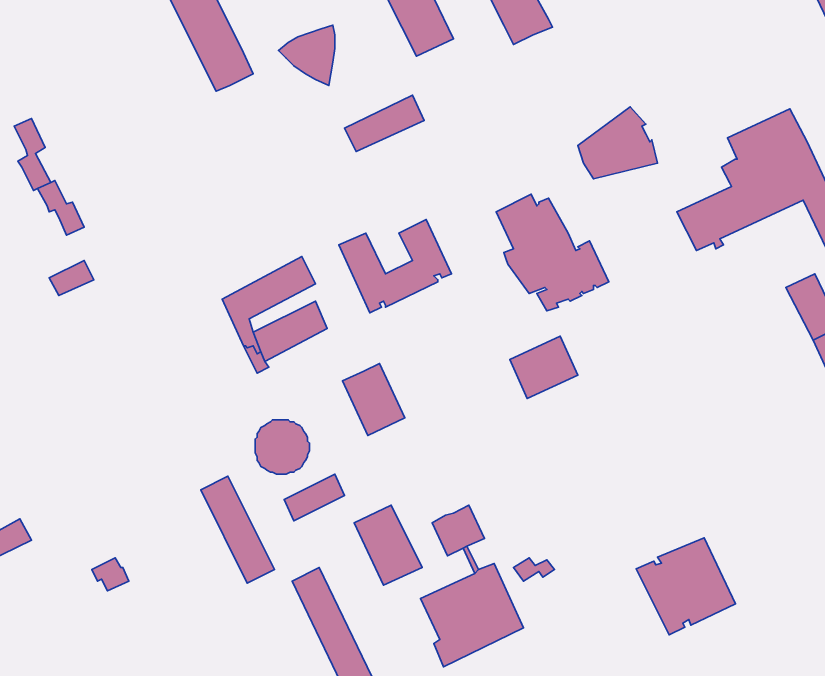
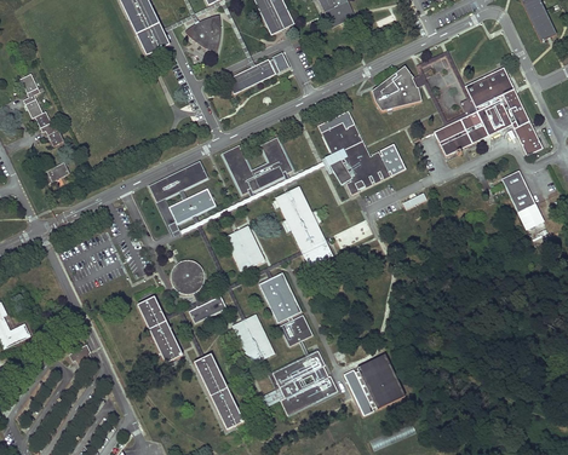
building: none -> [276,186,333,267]
building: none -> [259,272,302,323]
building: [636,538,735,635] -> [345,353,407,414]

